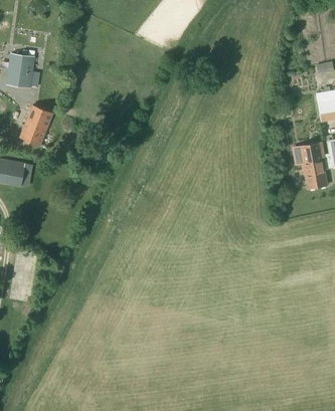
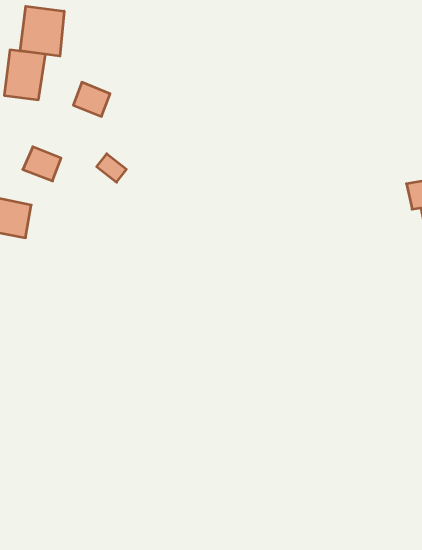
building: none -> [20,6,64,56]
building: [26,106,52,130] -> [73,82,110,116]

